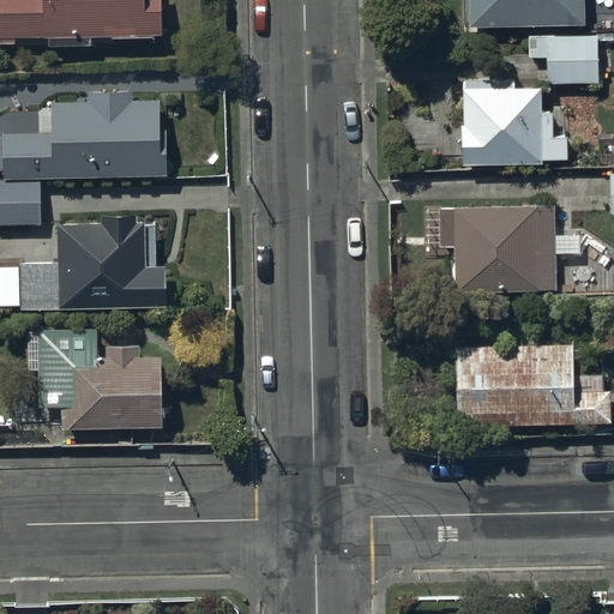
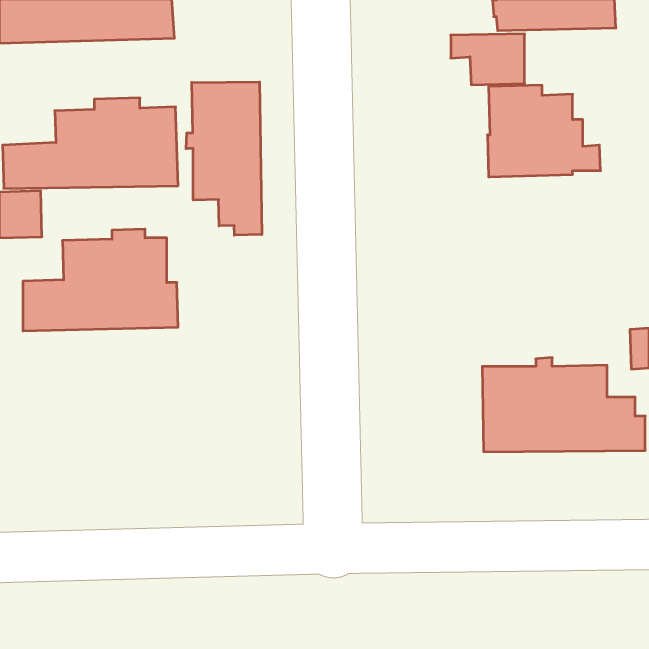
building: [526,36,596,84] -> [451,34,525,85]
building: none -> [186,82,262,235]
building: [437,205,578,293] -> none
building: [38,331,161,429] -> none

